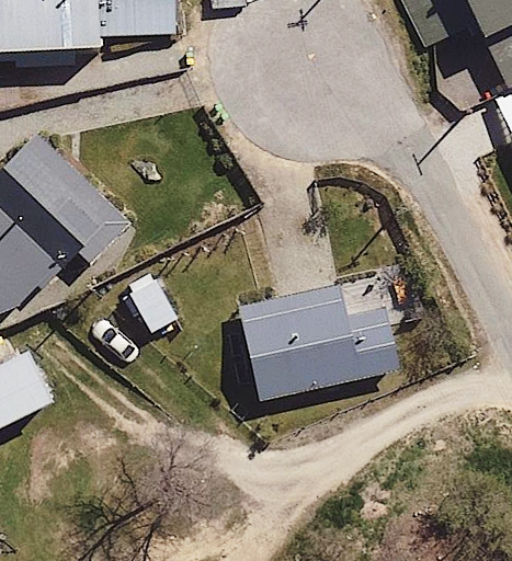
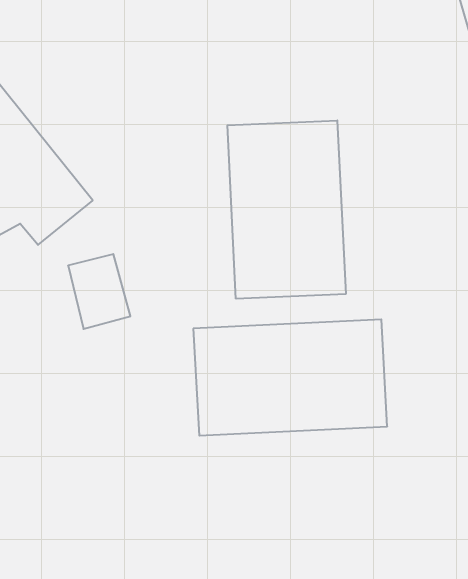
building: none -> [227,120,346,299]

